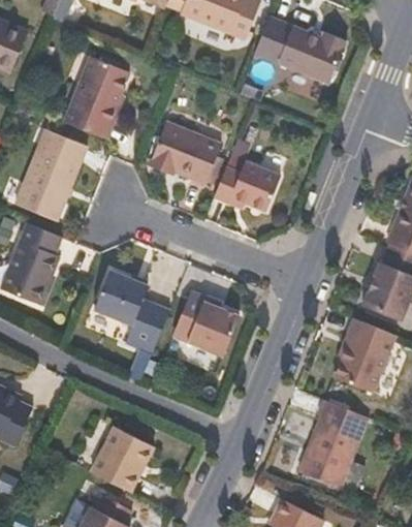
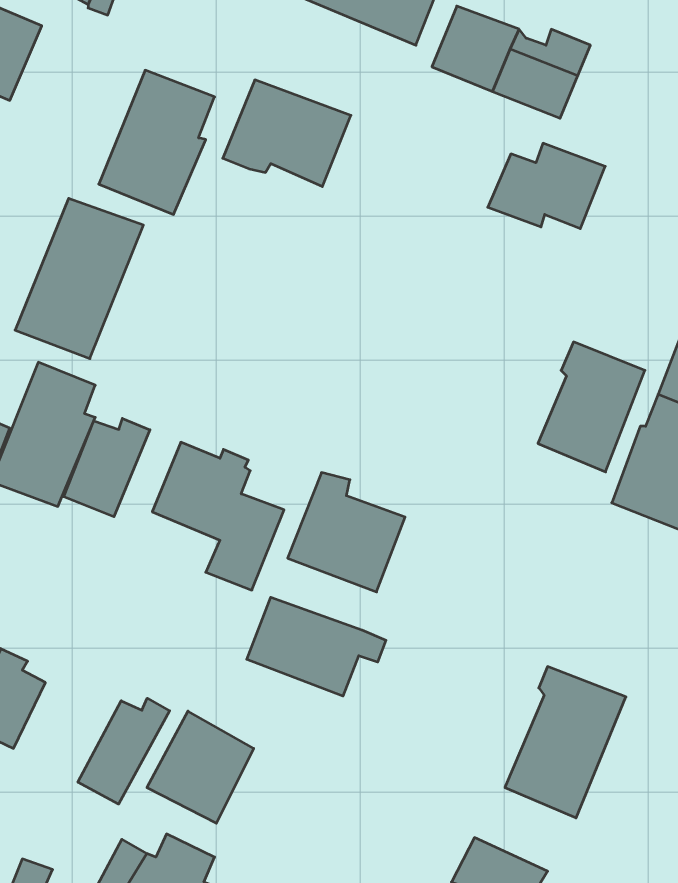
building: [148,121,222,183] -> [223,80,351,187]
building: [214,159,282,209] -> [488,143,605,229]
building: none -> [64,418,150,517]
building: [330,317,392,393] -> [538,342,645,472]
building: none -> [247,597,386,696]
building: none -> [78,698,170,804]

